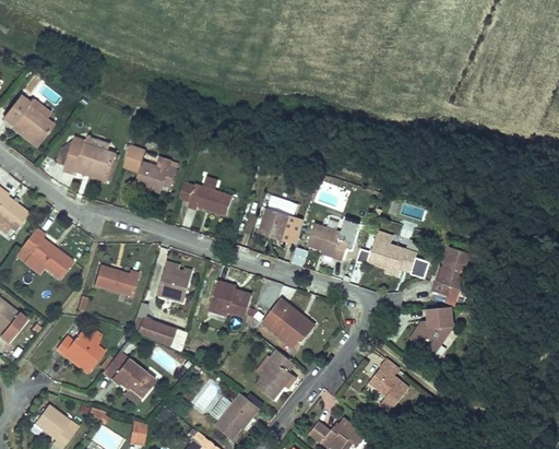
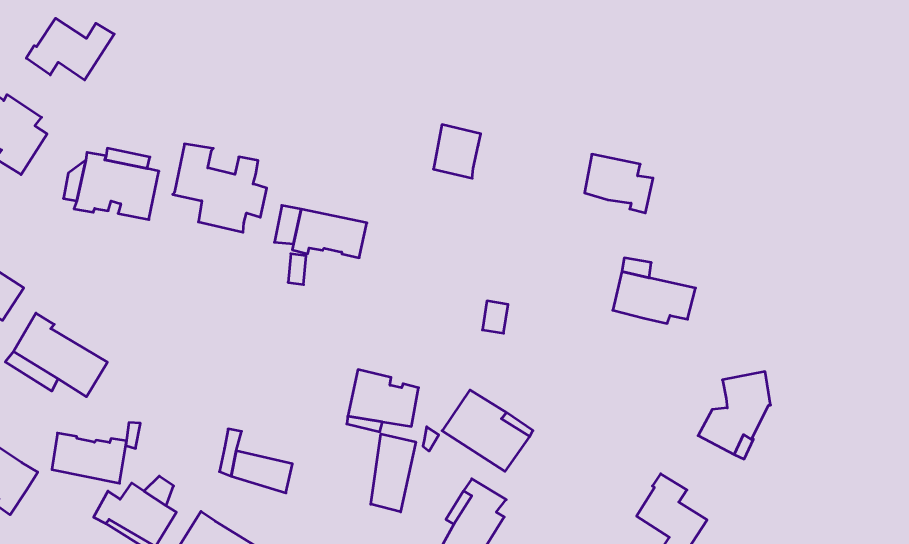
building: none -> [26,18,114,80]
building: [260,208,289,240] -> [433,125,481,178]
building: [308,223,348,260] -> [585,154,653,213]
building: [433,247,473,296] -> none
building: [93,263,138,296] -> [52,433,126,483]
building: [156,265,192,302] -> none
building: none -> [371,434,416,512]

